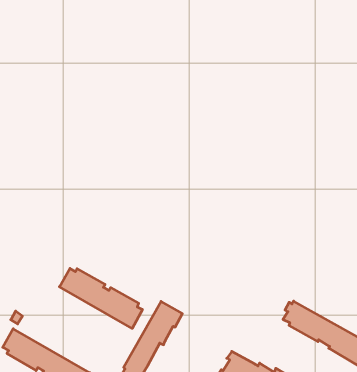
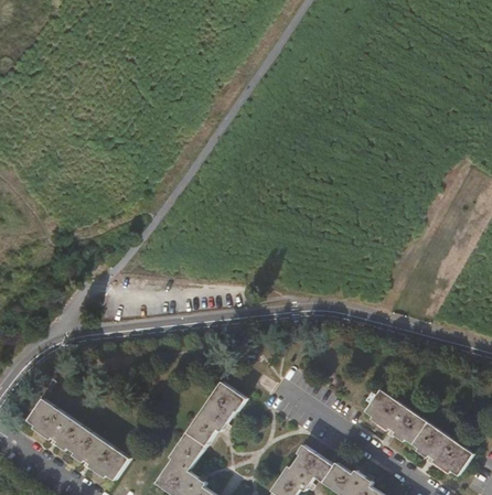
building: [59,268,142,328] -> none

